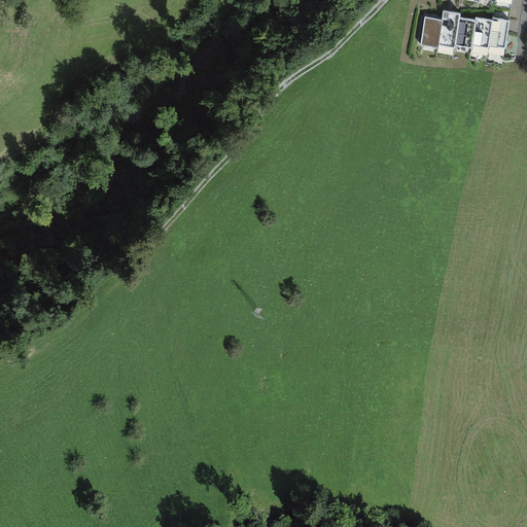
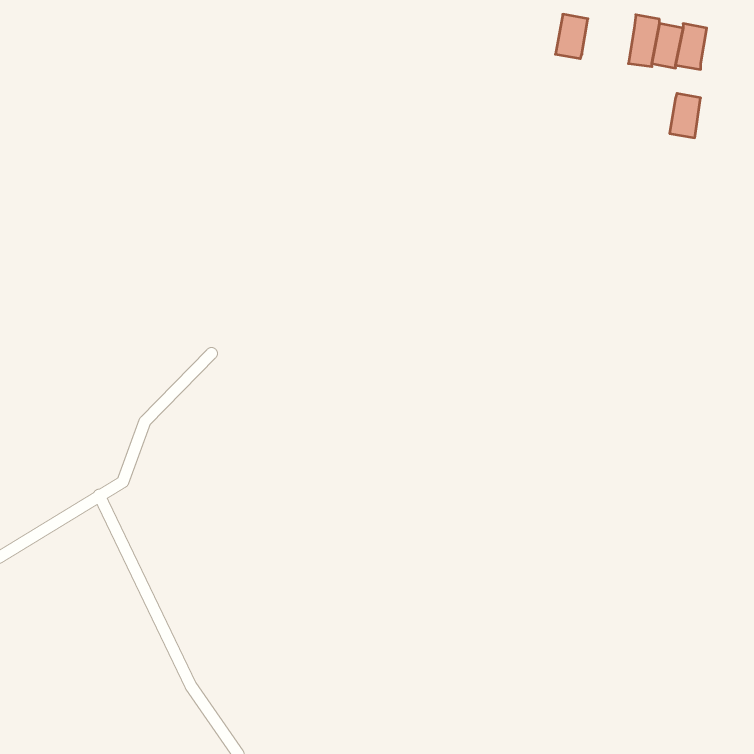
building: [419,16,442,47] -> [555,14,588,59]
building: [488,16,510,47] -> [670,93,701,138]

